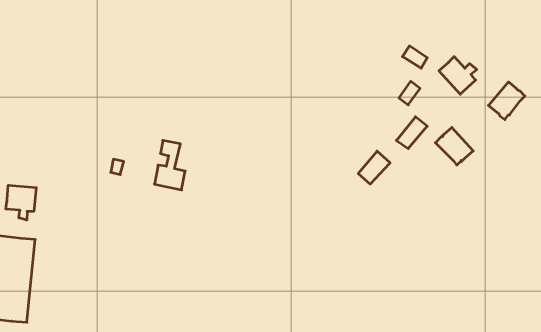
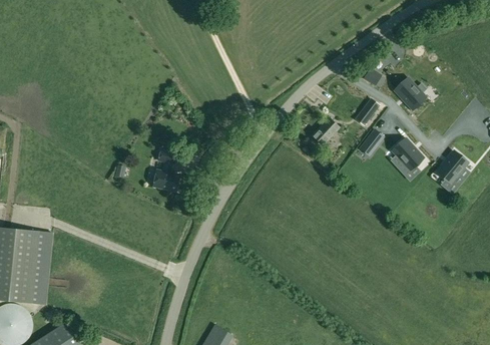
building: [488,82,525,120] -> [436,151,467,184]
building: [358,151,390,184] -> [312,118,339,146]
building: [6,185,36,220] -> none

